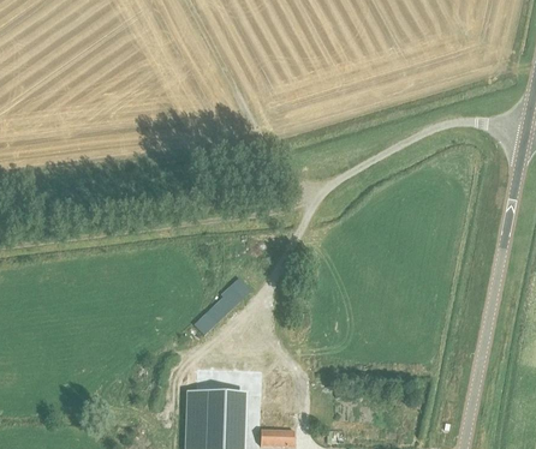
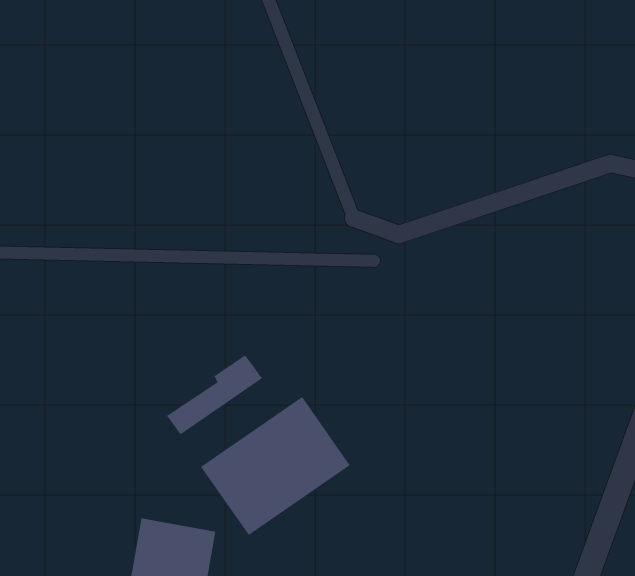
building: none -> [200,396,351,536]

